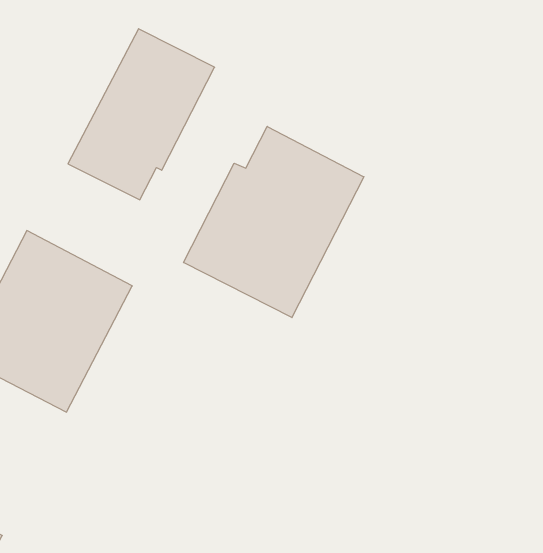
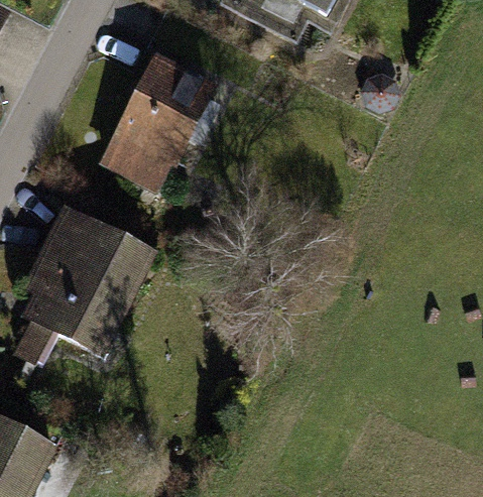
building: [184,126,364,318] -> none

